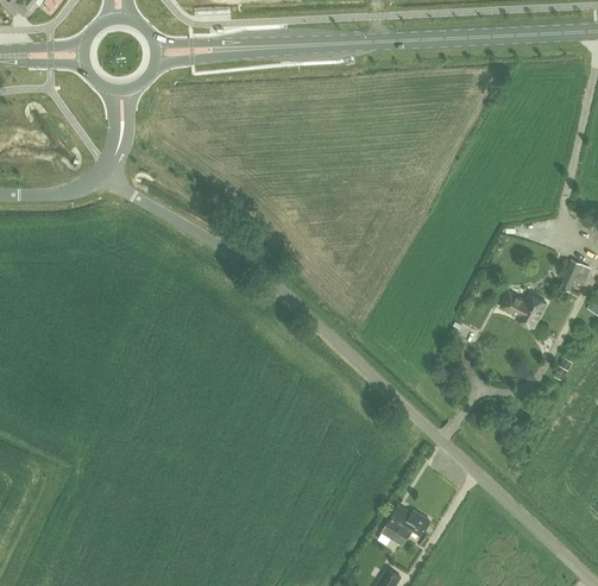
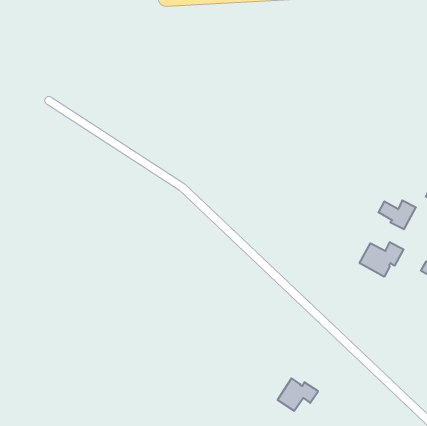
building: none -> [360,242,404,277]

